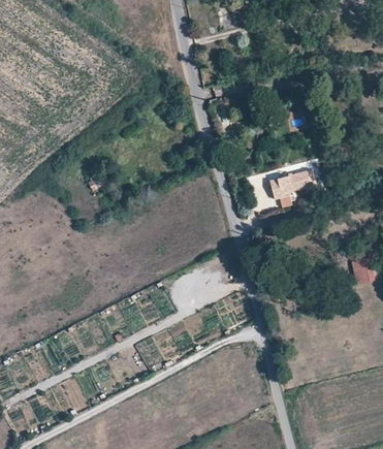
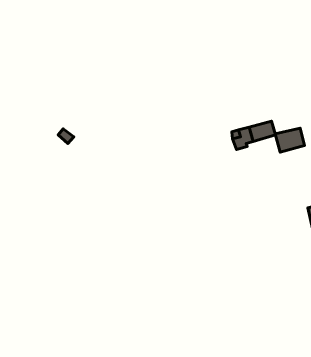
building: none -> [275,128,304,152]

